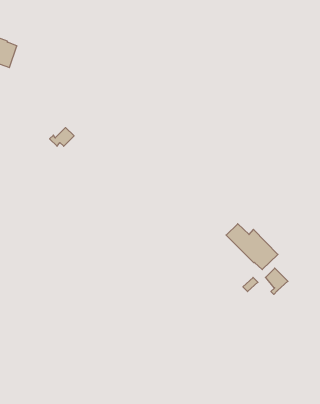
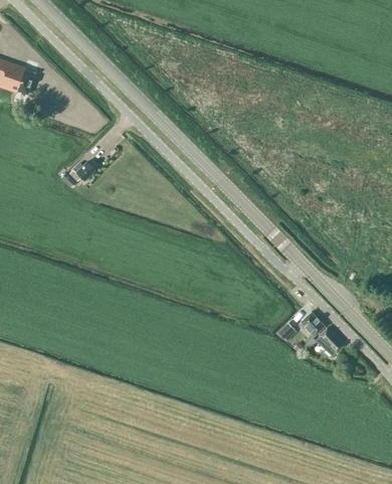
building: [226,224,278,270] -> none
building: none -> [307,327,344,356]

